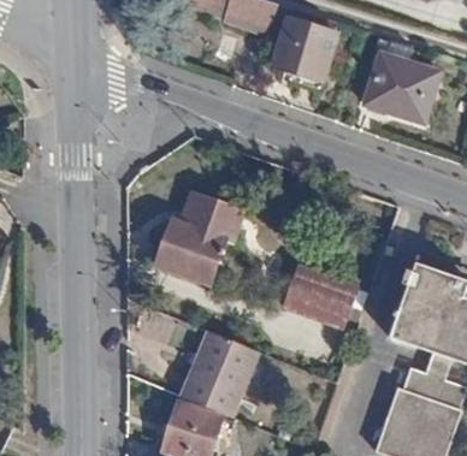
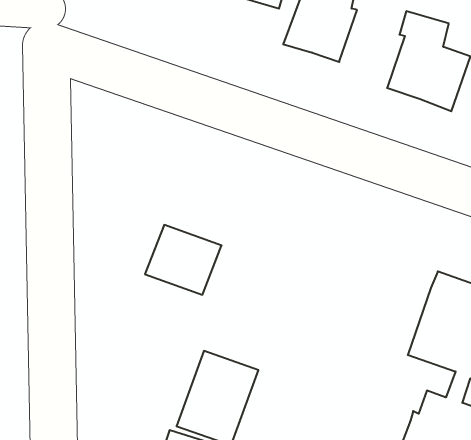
building: [172,189,244,245] -> none
building: [279,262,363,332] -> none

